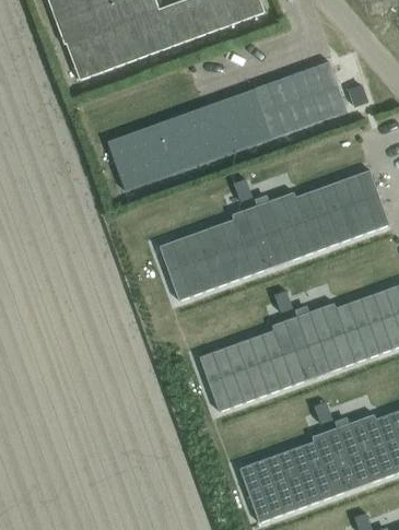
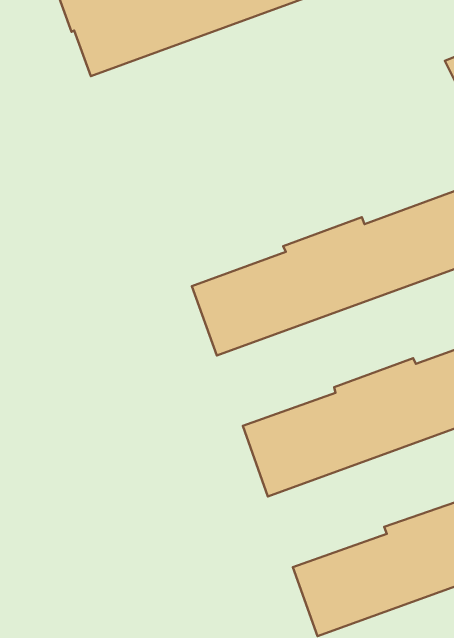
building: [107,62,344,191] -> none

